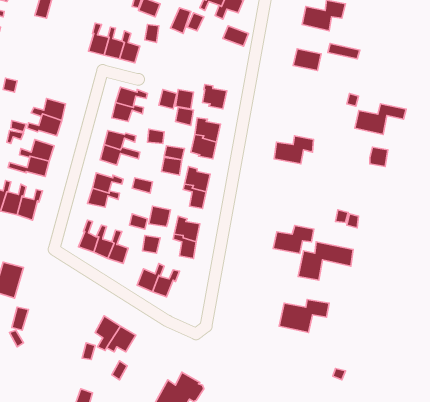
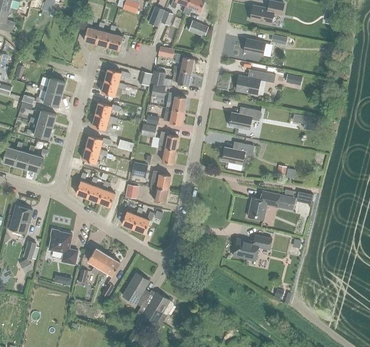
building: none -> [157,46,193,72]
building: [355,104,406,135] -> [235,71,275,95]
building: [273,225,314,253] -> [221,142,253,164]
building: none -> [48,229,78,265]
building: none -> [122,273,149,307]

